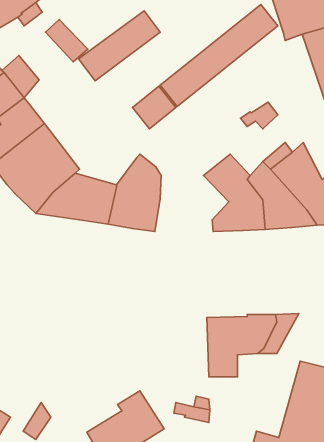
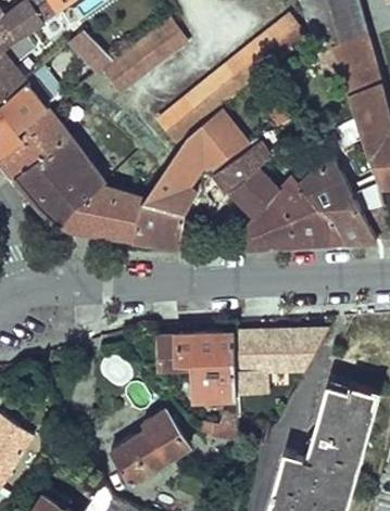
building: none -> [166,111,247,181]
building: none -> [215,142,272,192]
building: none -> [159,334,237,400]

